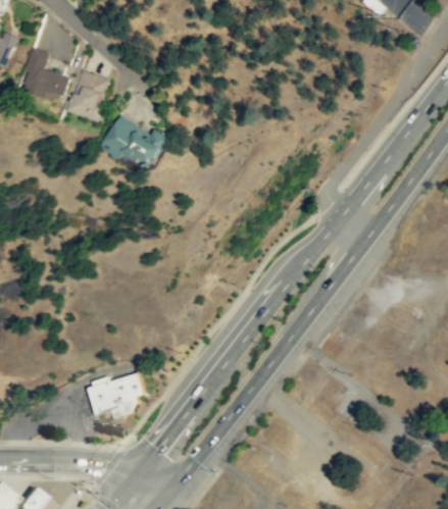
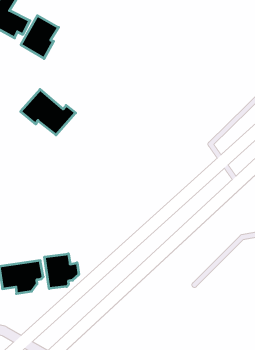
building: [99,114,167,167] -> [21,89,76,135]
building: none -> [45,254,79,289]

